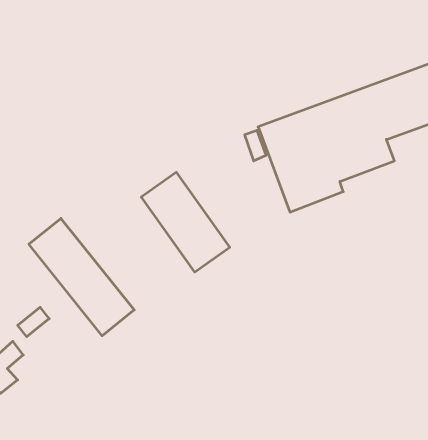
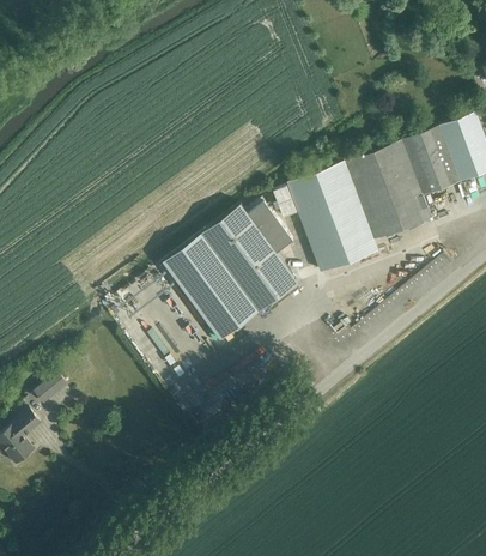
building: none -> [201,198,297,310]
building: [29,218,134,336] -> none

